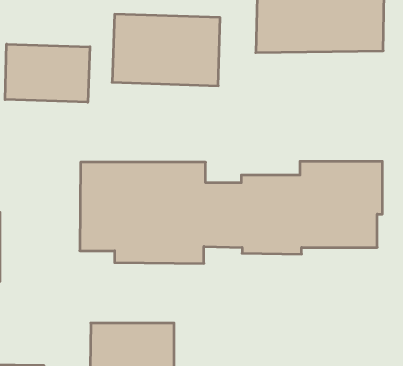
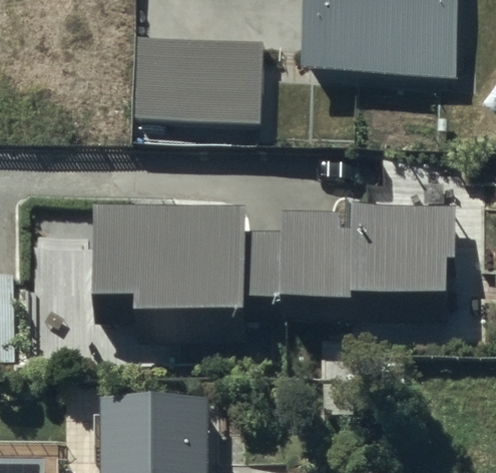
building: [5,44,90,102] -> none

